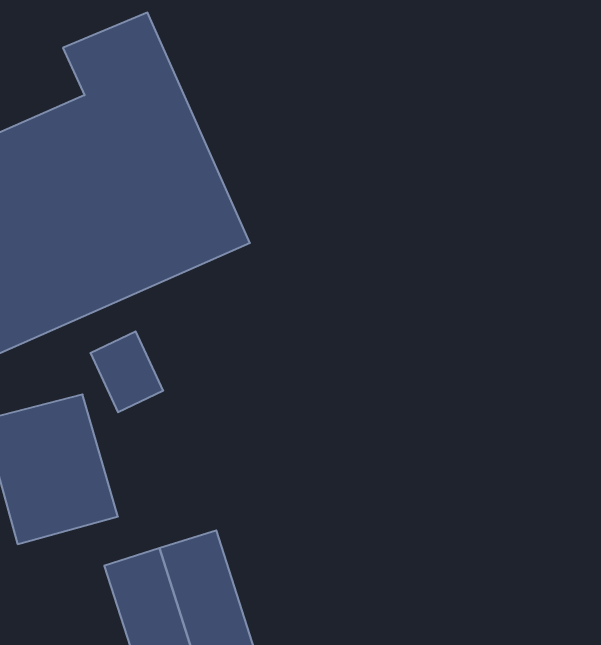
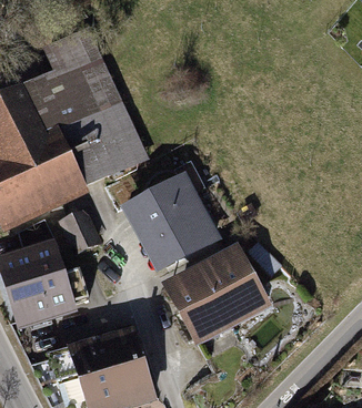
building: none -> [119,169,220,271]
building: none -> [163,246,268,345]

